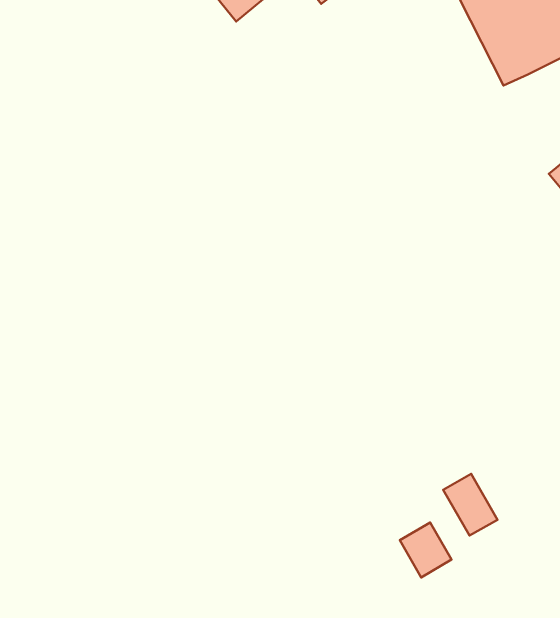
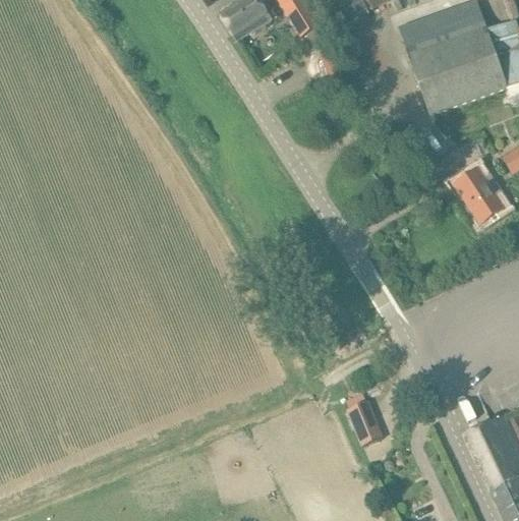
building: [400,523,452,577] -> none

